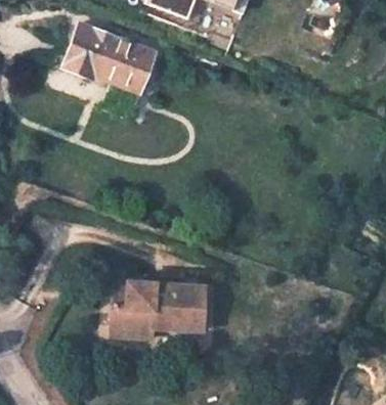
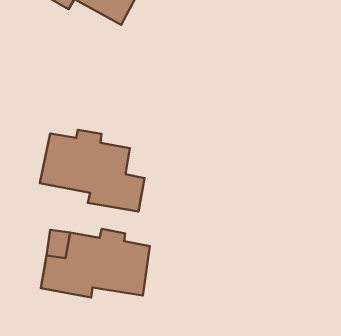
building: none -> [40,130,144,211]

